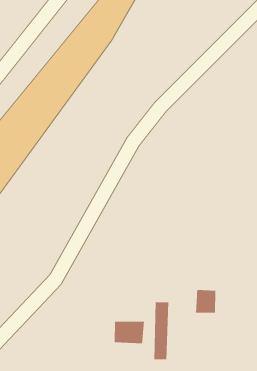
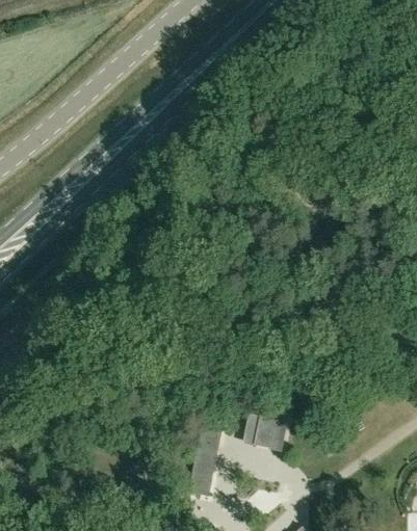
building: [114,321,144,344] -> none

